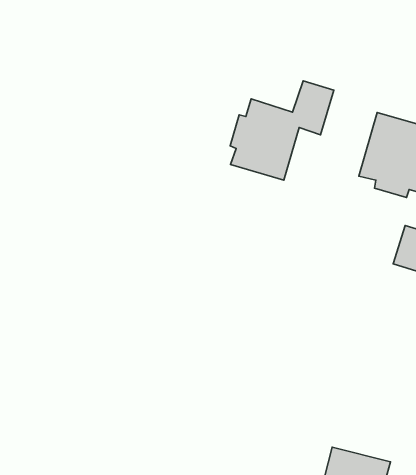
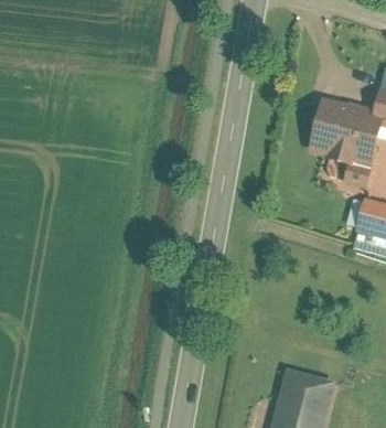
building: [230,81,334,180] -> none

